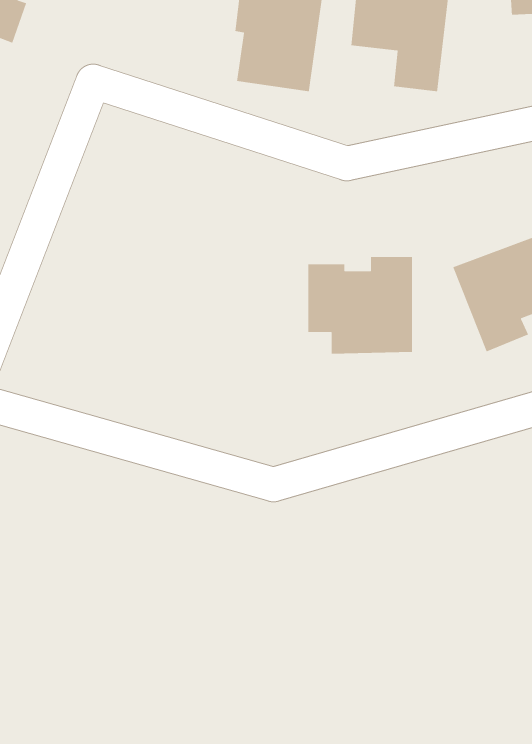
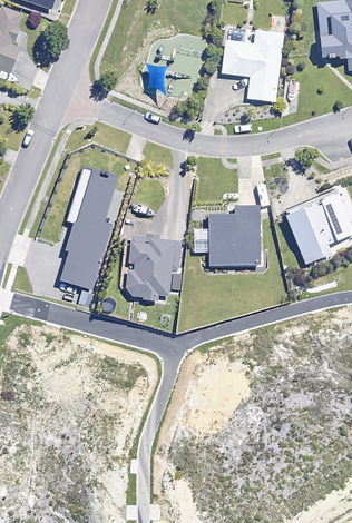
building: none -> [60,167,118,289]
building: none -> [125,235,184,299]

